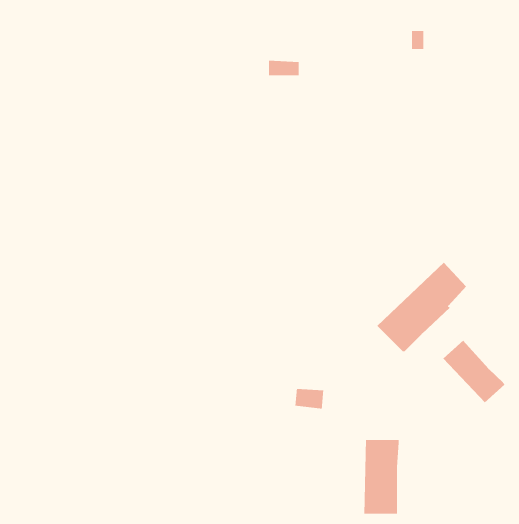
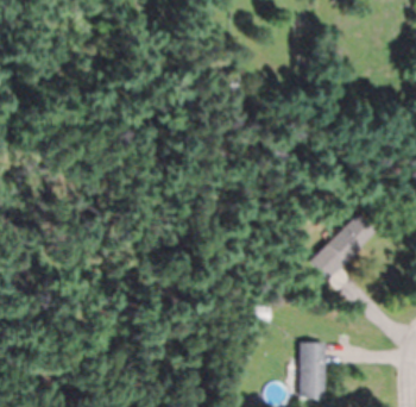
building: [442,340,506,403] -> none

